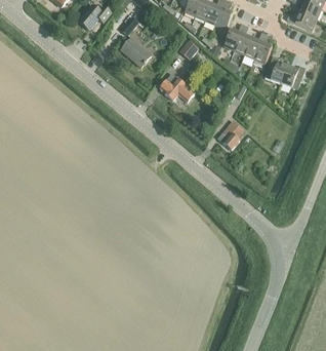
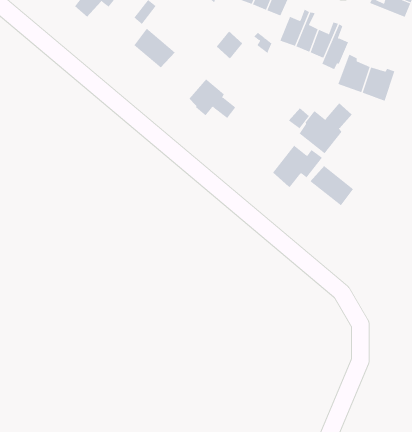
building: none -> [299,103,352,154]
building: none -> [309,165,354,206]

